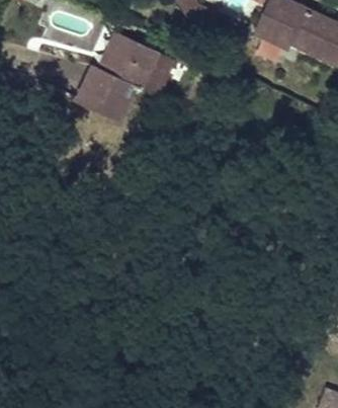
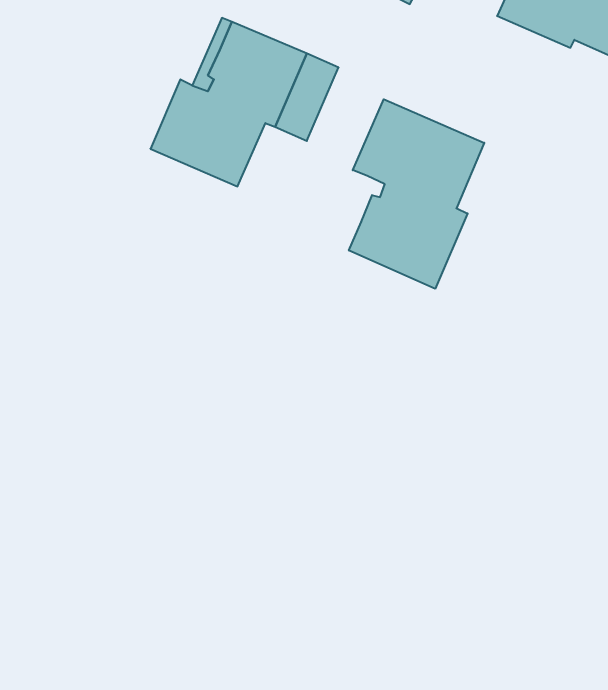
building: none -> [349,99,484,289]

